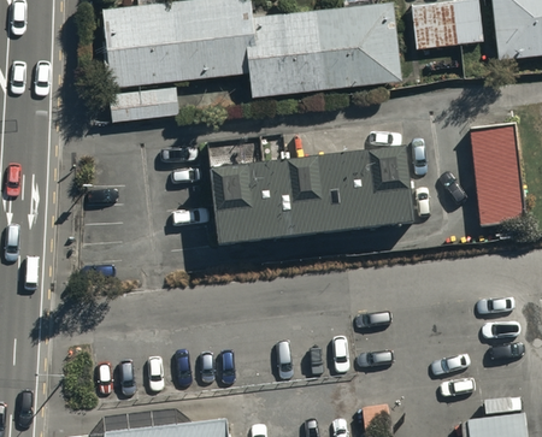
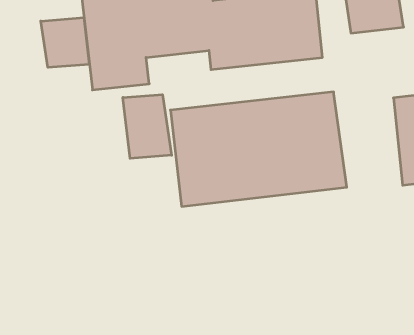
building: none -> [41,18,89,67]
building: none -> [123,95,172,158]

